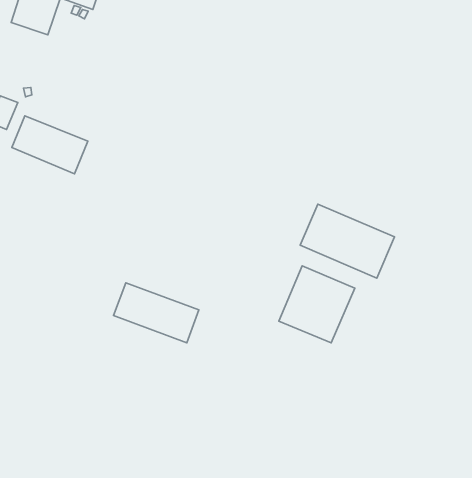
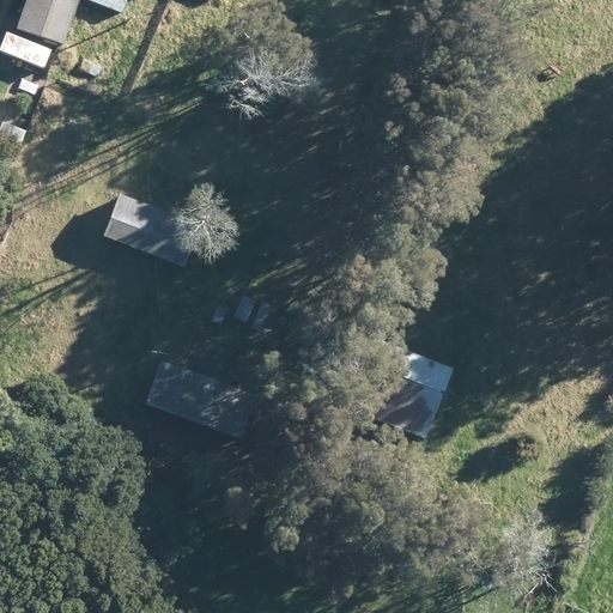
building: [12,116,88,174] -> [103,193,200,267]
building: [300,204,394,278] -> none

